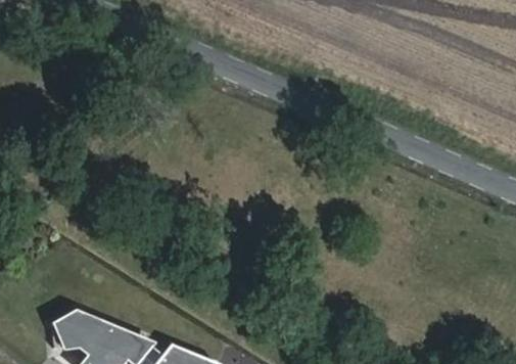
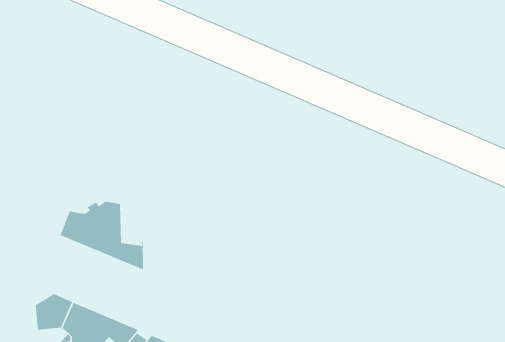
building: none -> [59,201,144,271]

